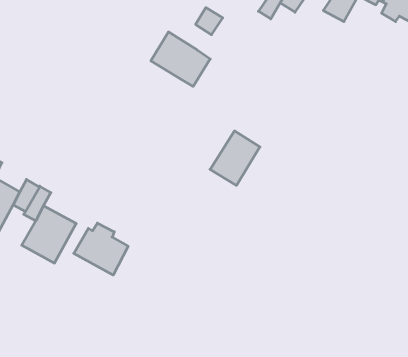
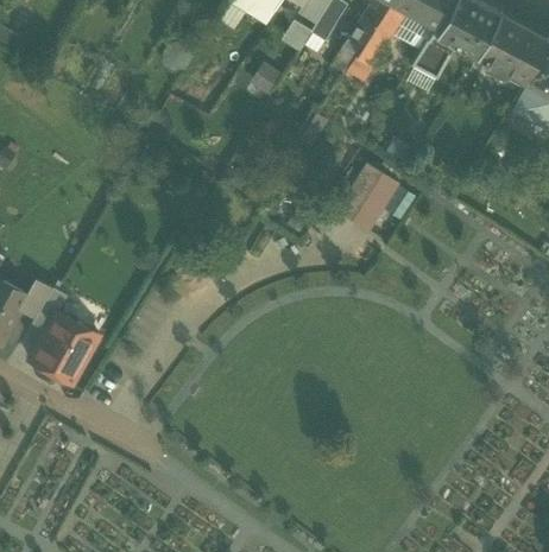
building: [151,32,210,86] -> none
building: [210,131,260,185] -> [335,163,398,231]
building: [74,223,128,275] -> none

